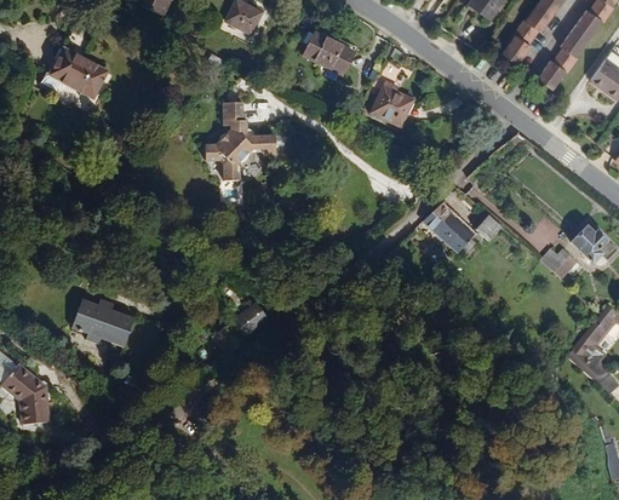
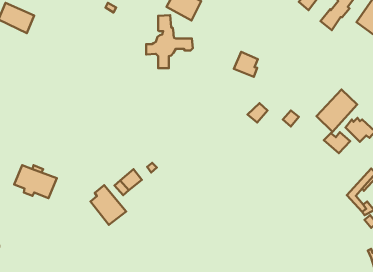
building: [372,85,408,122] -> [234,52,258,77]
building: [202,107,273,186] -> [146,15,193,68]
building: none -> [317,90,357,132]
building: [439,214,474,249] -> none
building: none -> [90,185,126,225]

